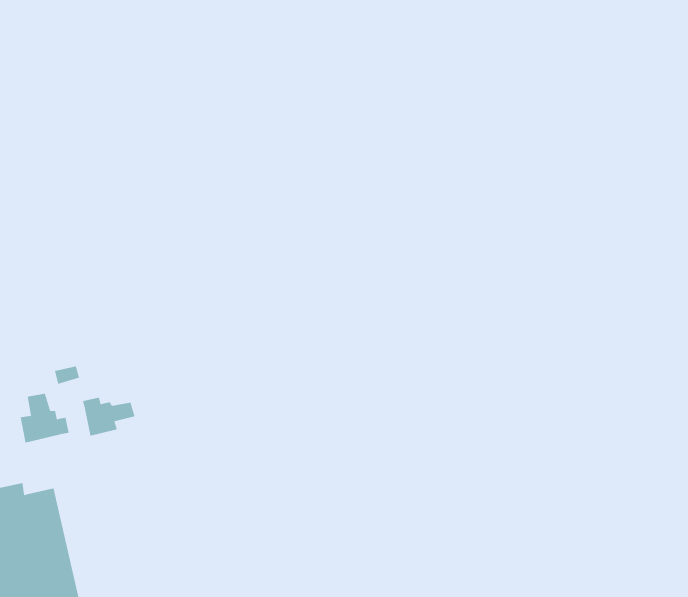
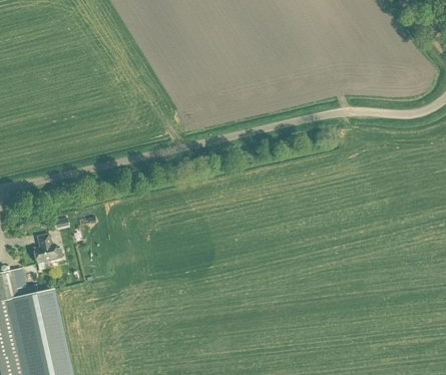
building: [83,397,135,437] -> none

